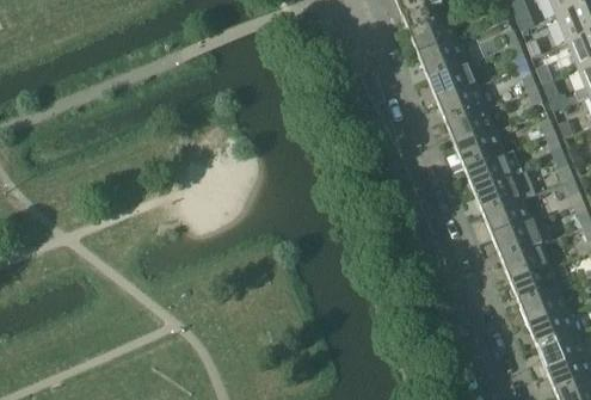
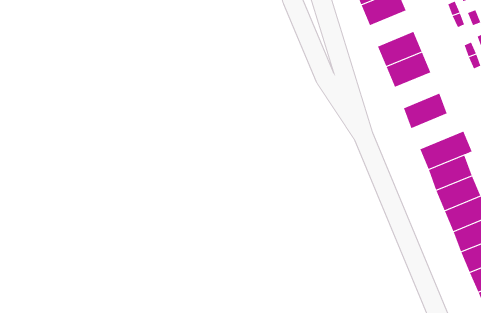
building: [419,38,468,78] -> none
building: [447,106,497,146] -> none
building: [464,148,523,191] -> none

